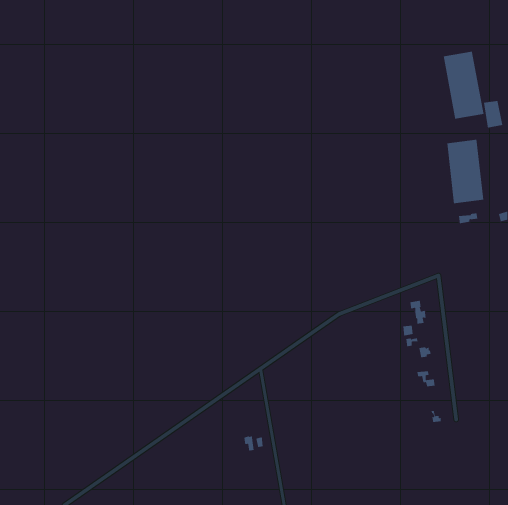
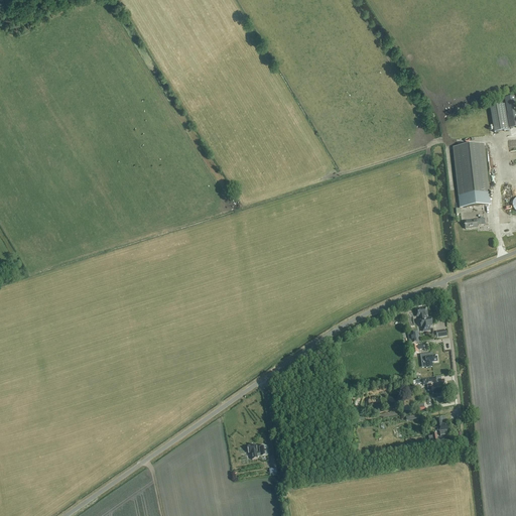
building: [443,51,484,119] -> none

